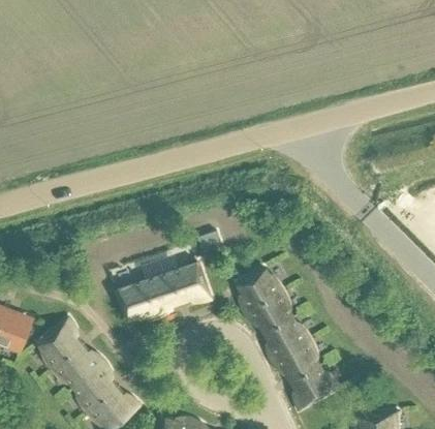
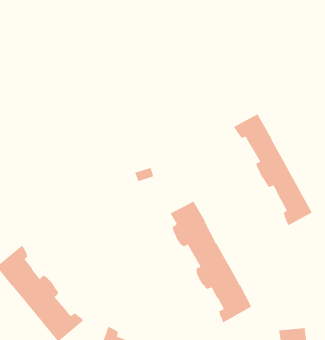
building: none -> [233,113,313,226]
building: [118,253,210,317] -> none

